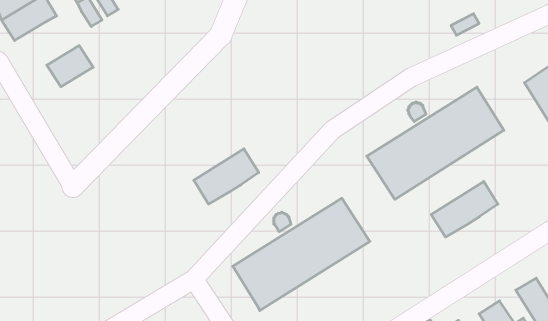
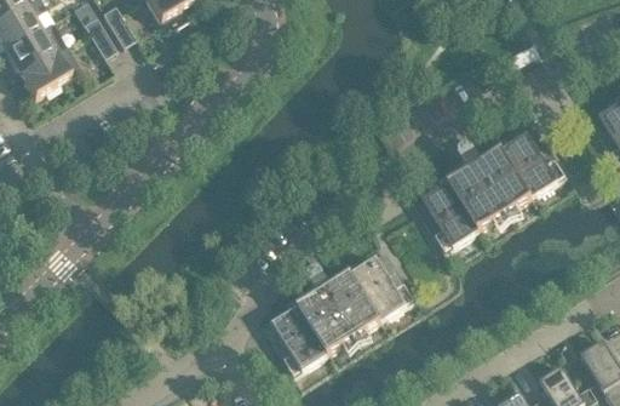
building: [47,46,93,87] -> [17,51,69,97]
building: [194,149,259,204] -> none
building: [431,181,498,237] -> none

